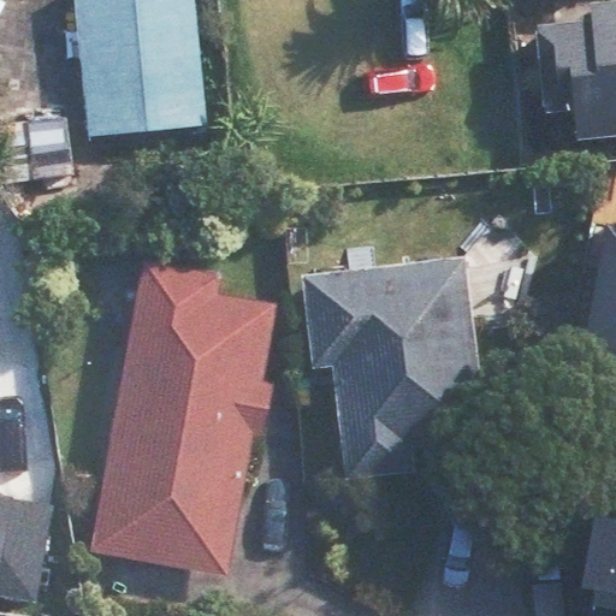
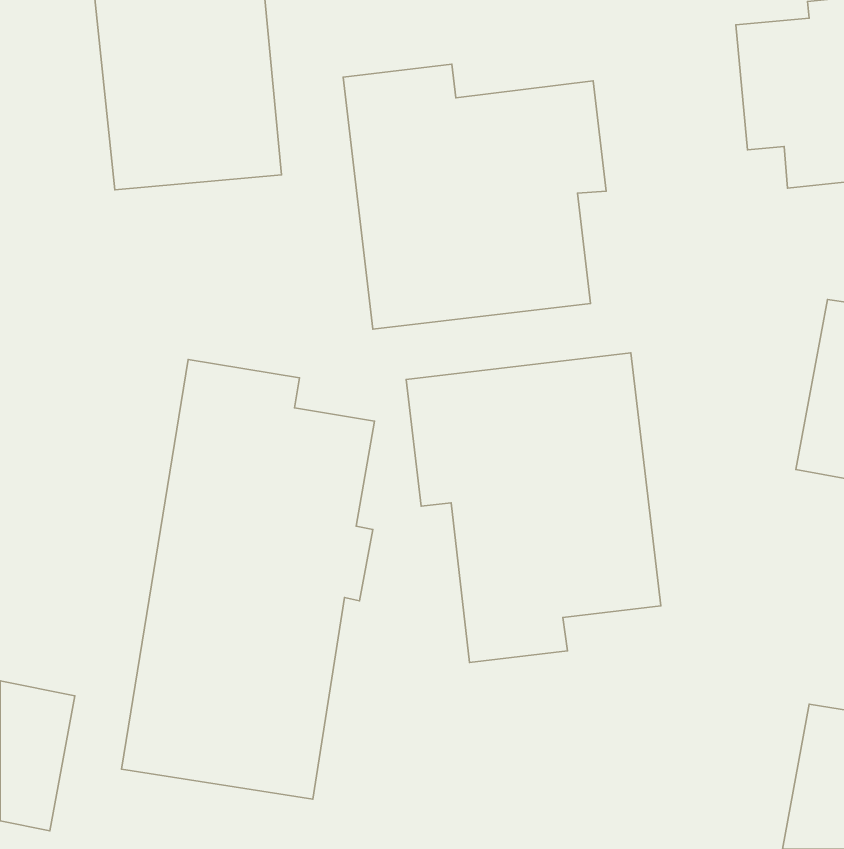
building: none -> [343,64,606,329]

